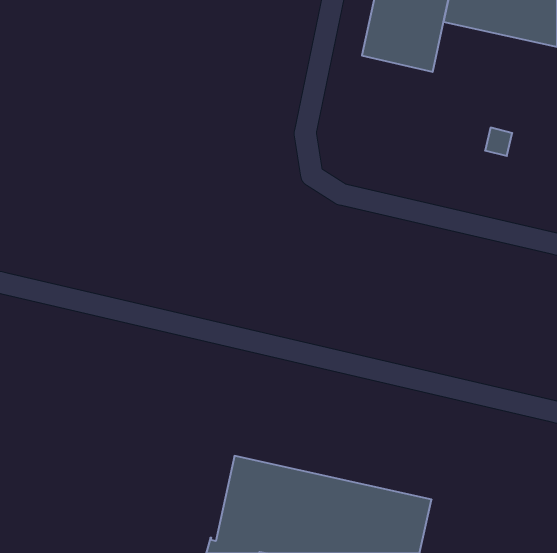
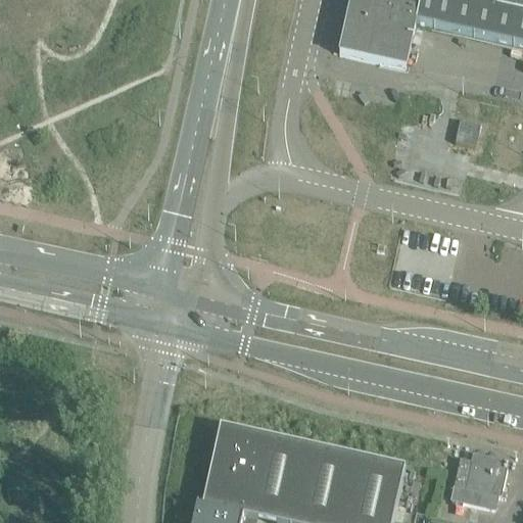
building: none -> [451,456,507,509]

